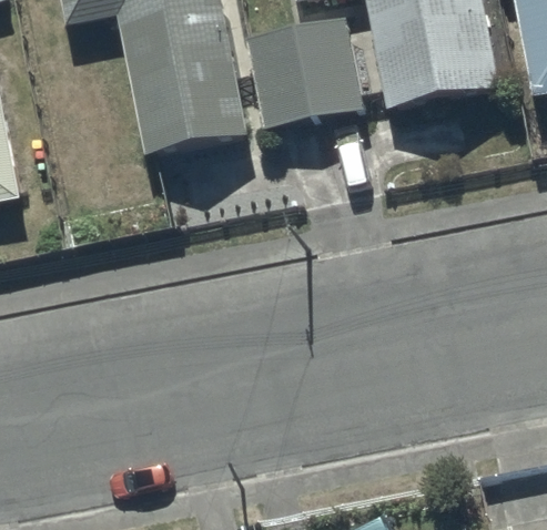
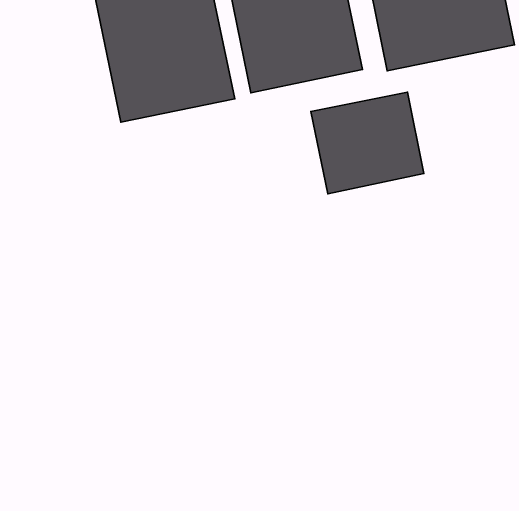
building: none -> [311,92,424,194]

